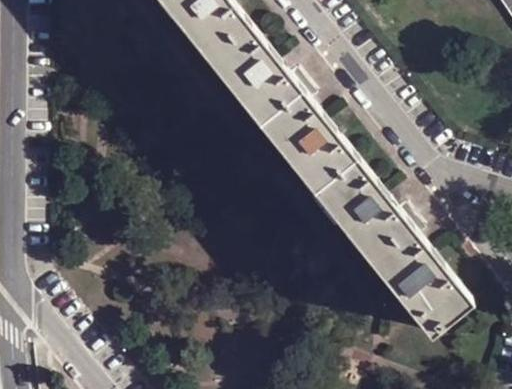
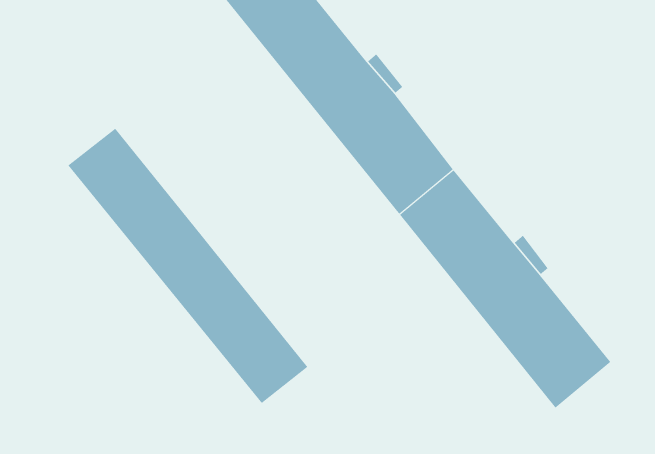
building: none -> [68,128,308,404]

